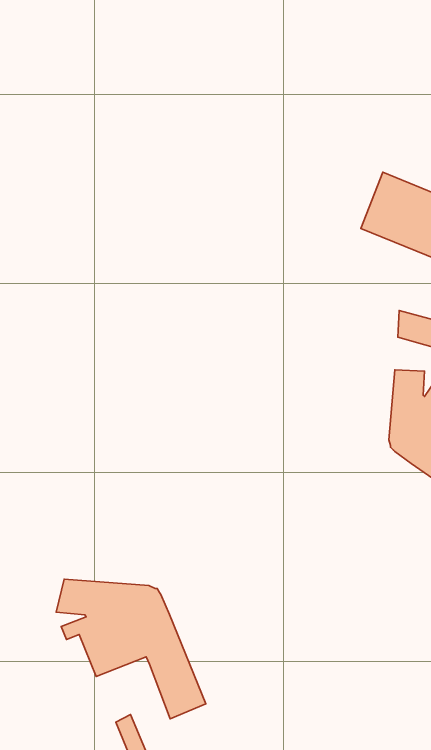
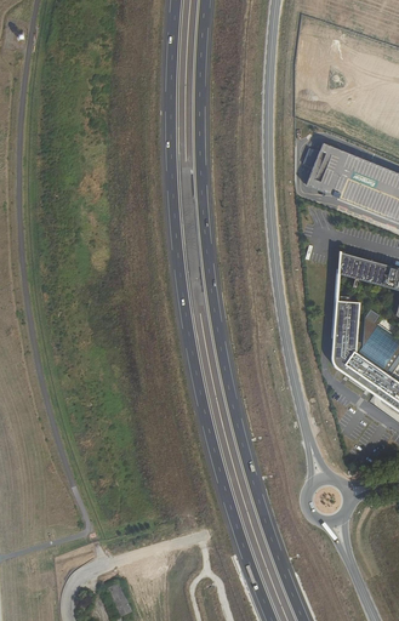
building: [56,579,206,719] -> none

